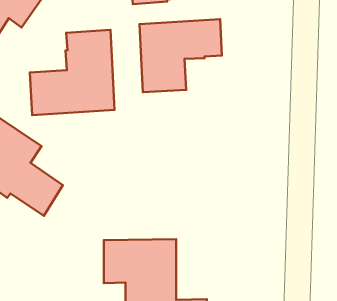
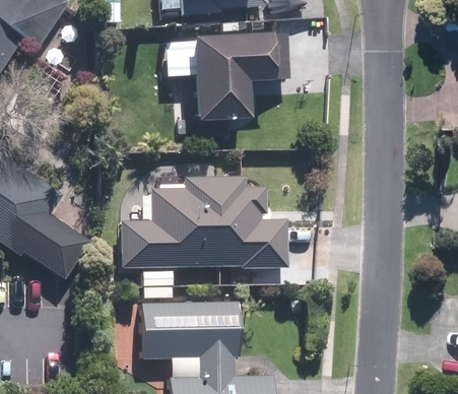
building: [30,30,115,115] -> none
building: none -> [118,178,284,267]

